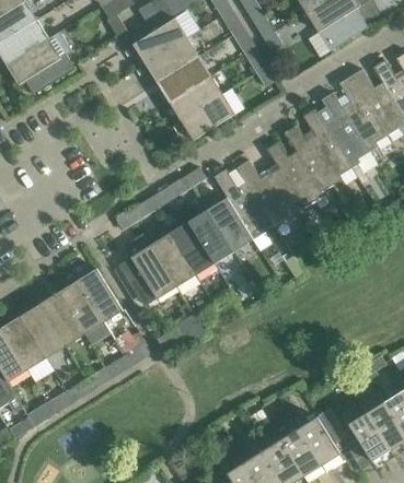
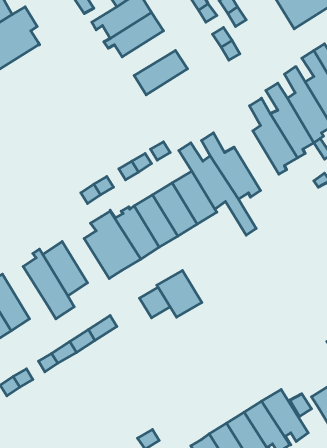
building: [158,55,211,99] -> none
building: [176,93,235,139] -> none
building: [267,140,315,215] -> none
building: [39,286,84,344] -> none
building: none -> [157,270,202,317]

